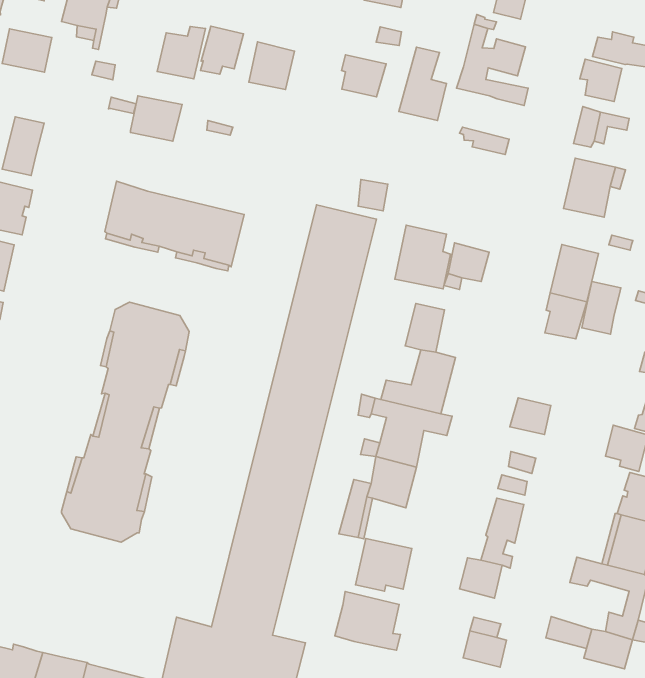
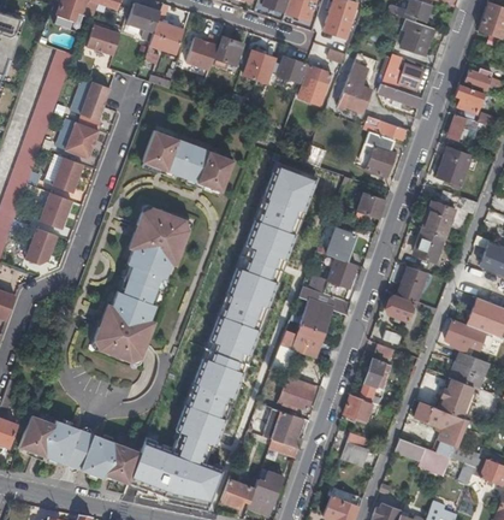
building: none -> [272,57,306,82]
building: [130,96,182,141] -> [149,23,184,54]
building: [395,225,451,289] -> [356,131,393,175]
building: [582,282,621,334] -> [398,267,426,302]

